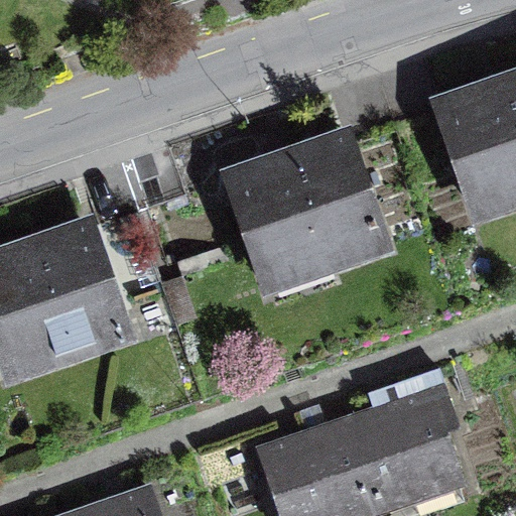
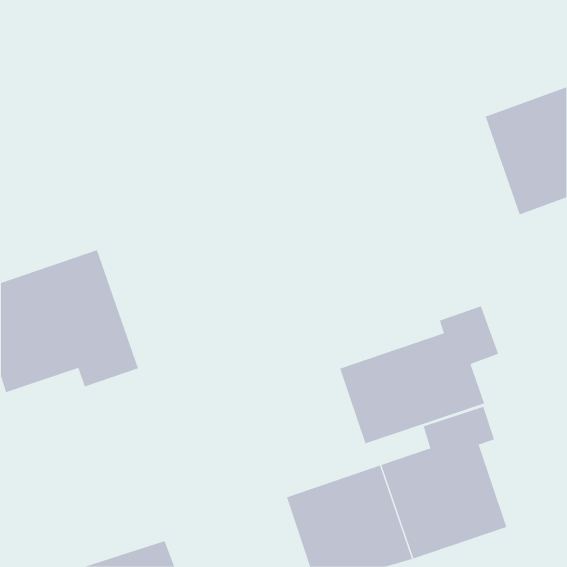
building: [231,136,383,267] -> none
building: none -> [339,306,499,444]

